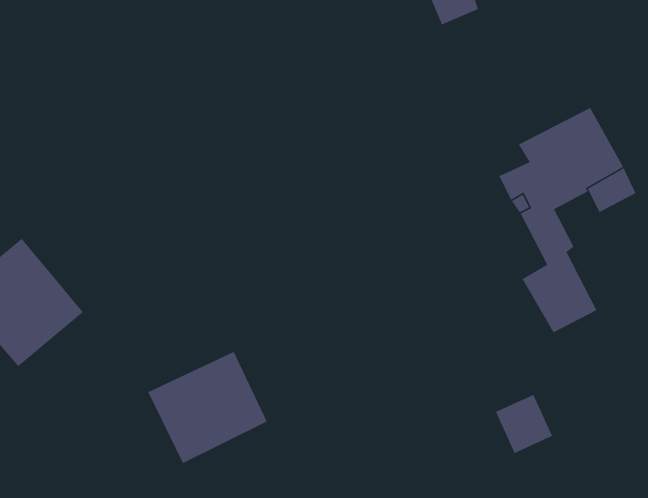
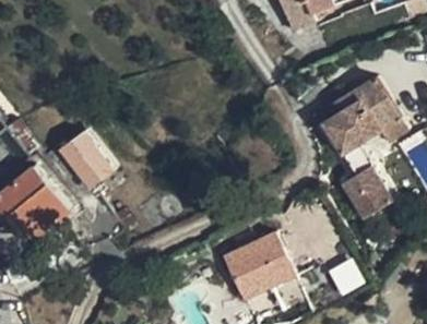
building: none -> [58,128,114,187]
building: [147,351,268,464] -> [222,228,296,298]

